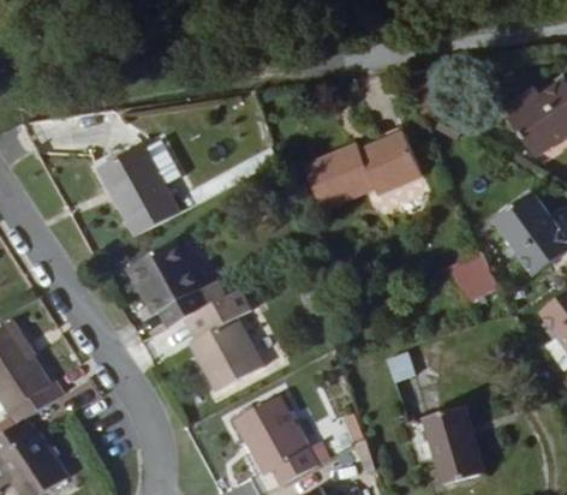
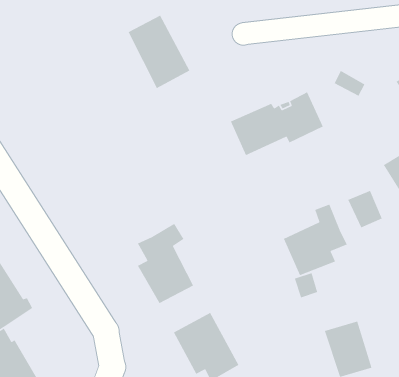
building: [100,142,178,234] -> [127,15,190,89]
building: [127,243,208,327] -> none
building: none -> [283,204,348,276]

